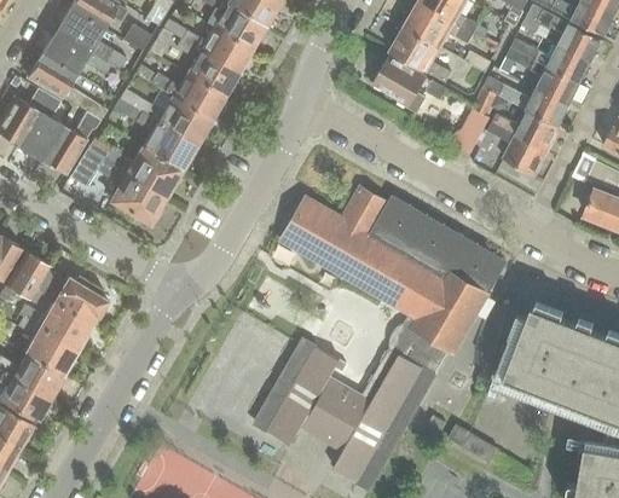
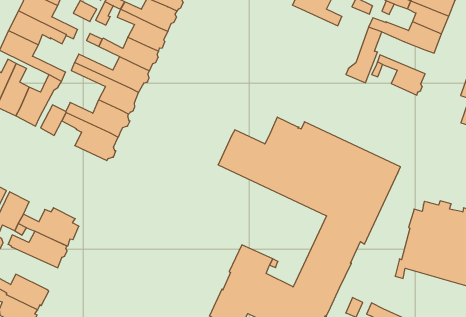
building: [368,56,446,111] -> none
building: [492,109,559,150] -> none
building: [18,318,76,373] -> none

